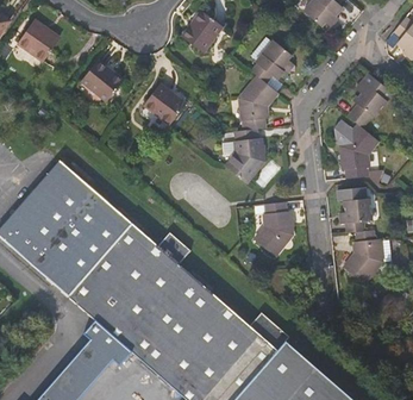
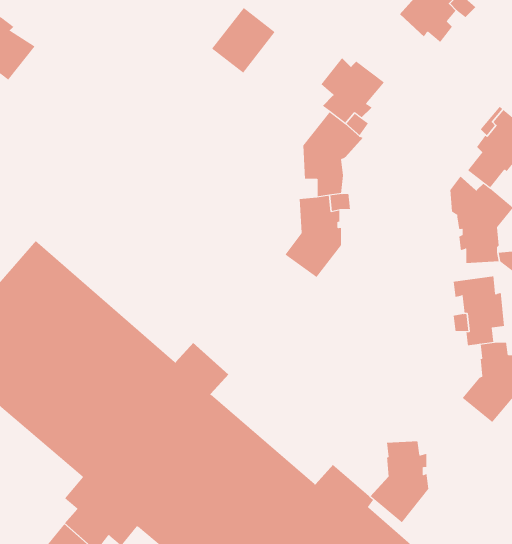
building: [83,55,126,95] -> none
building: [138,82,182,126] -> none
building: [254,205,293,260] -> [370,441,429,523]

